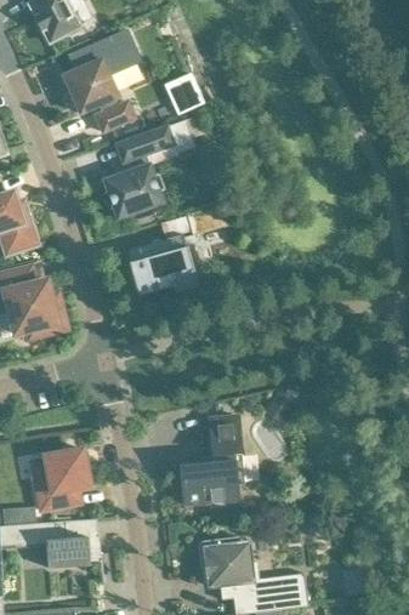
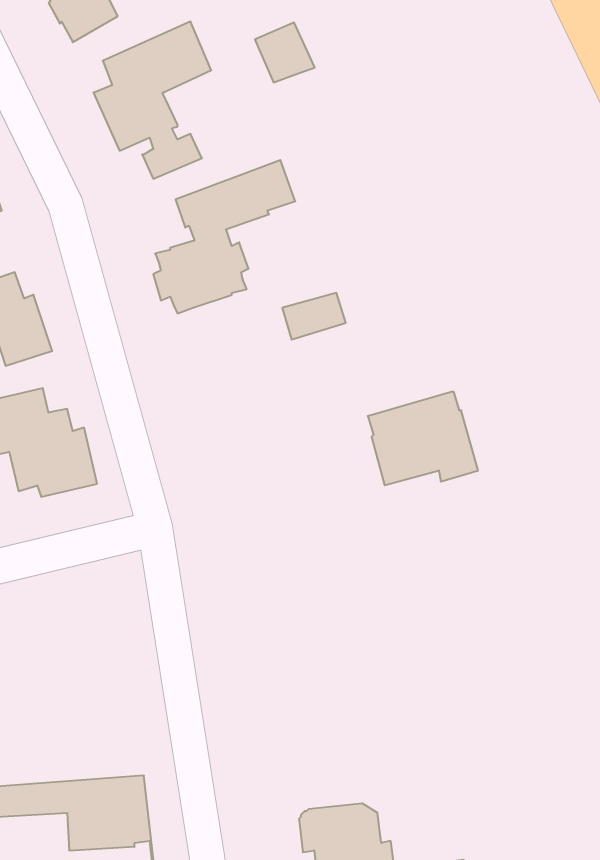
building: [165,74,204,113] -> [255,23,315,82]
building: [126,234,198,295] -> [368,392,478,485]
building: [180,416,244,507] -> none
building: [34,446,90,509] -> none

